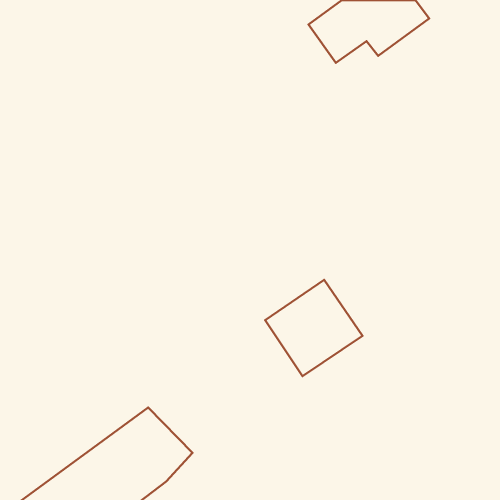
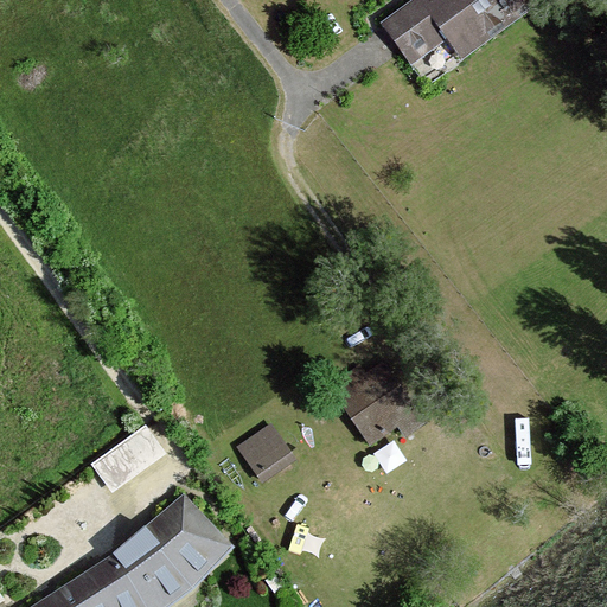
building: none -> [95,418,171,487]
building: none -> [239,418,299,478]

